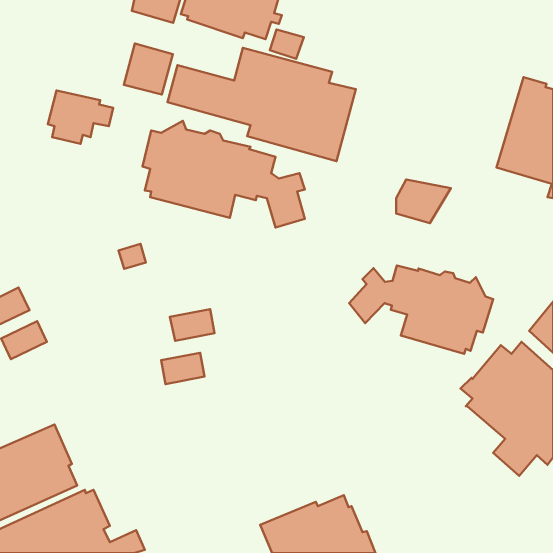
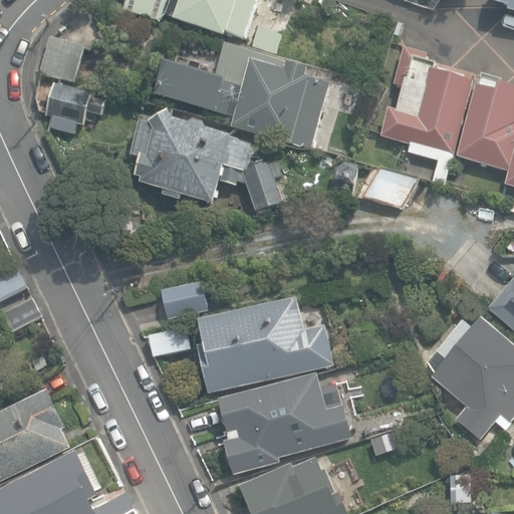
building: [124,43,173,95] -> [38,35,83,82]
building: none -> [382,44,476,183]
building: [349,265,493,354] -> none
building: none -> [197,296,333,392]
building: none -> [219,372,352,470]

